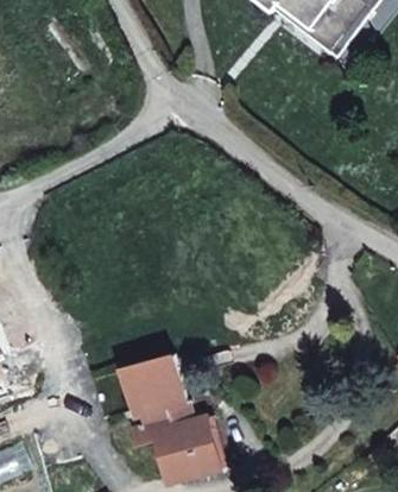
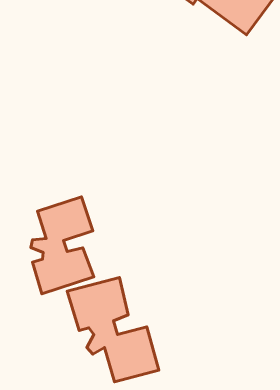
building: none -> [31,197,94,294]

